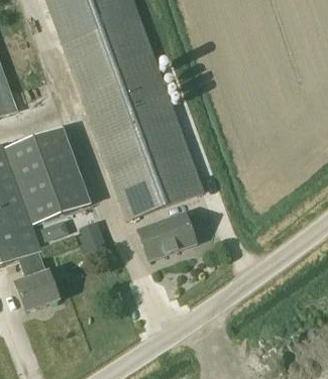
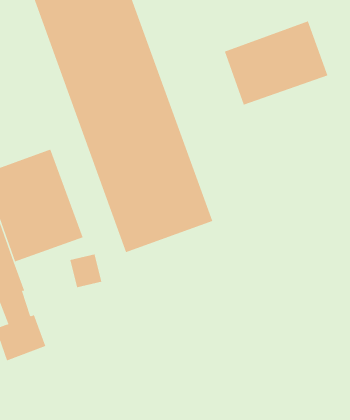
building: none -> [224,21,328,106]
building: [137,214,196,261] -> none

